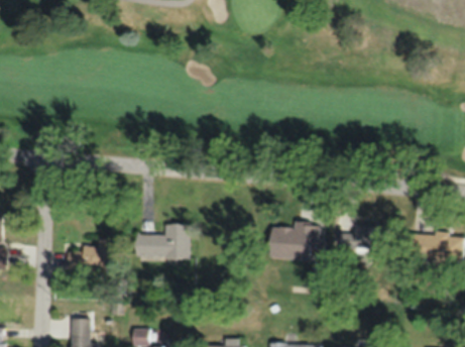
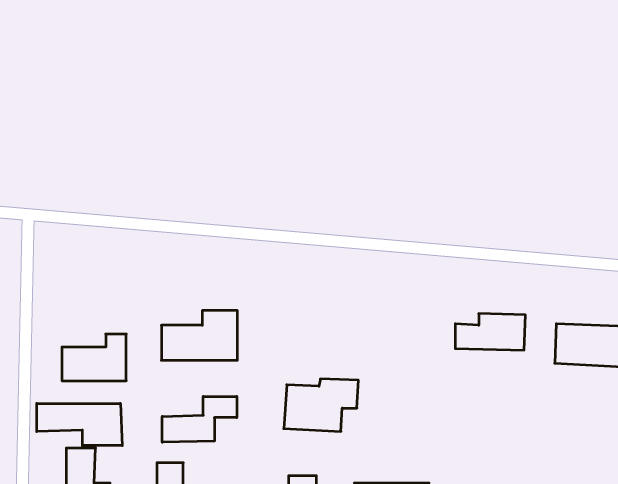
building: [268,222,320,258] -> [284,379,358,431]
building: none -> [162,396,237,442]
building: none -> [37,403,122,446]

